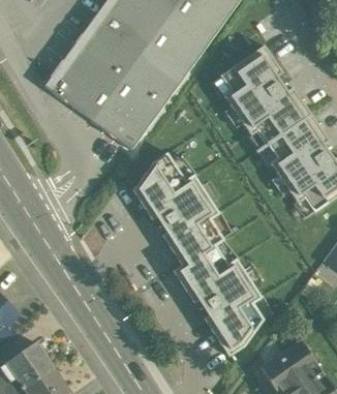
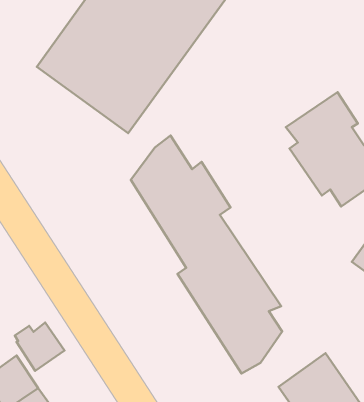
building: [219,46,310,144] -> none
building: none -> [15,323,64,371]

